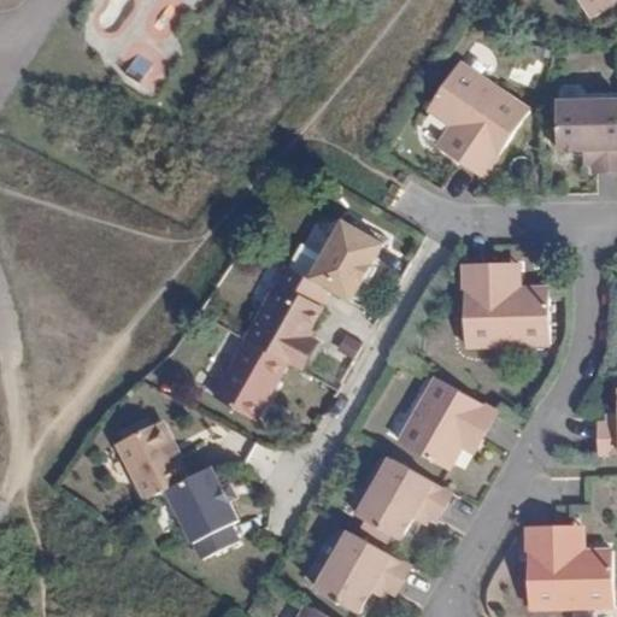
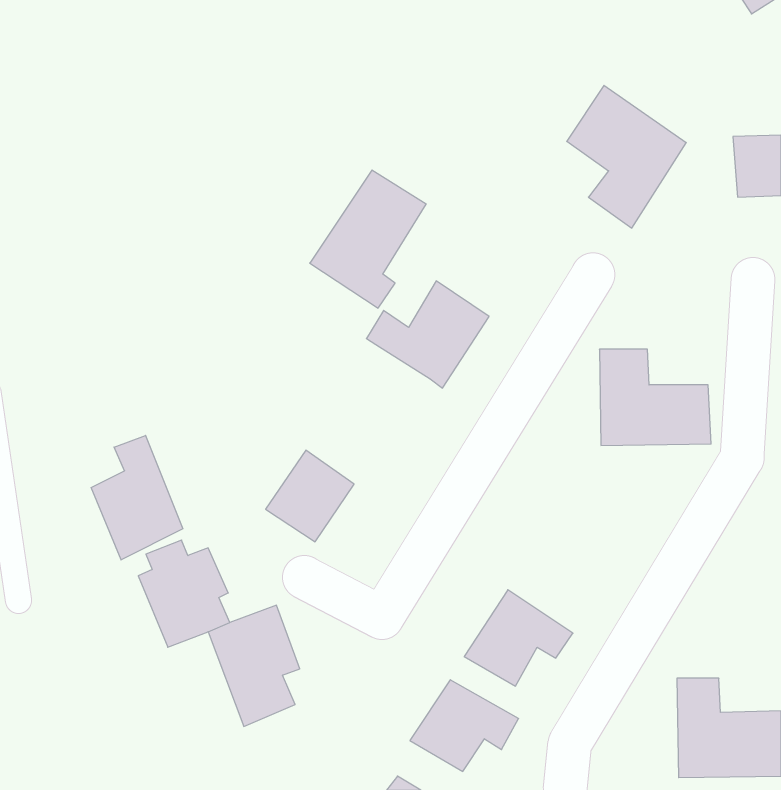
building: [243,268,334,375] -> [310,170,426,308]
building: none -> [91,435,183,560]
building: [407,378,498,459] -> none

